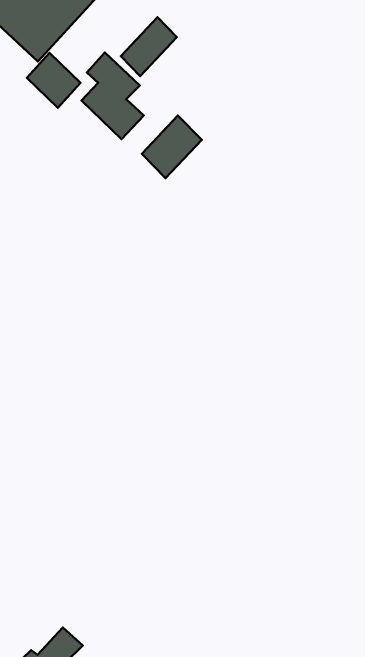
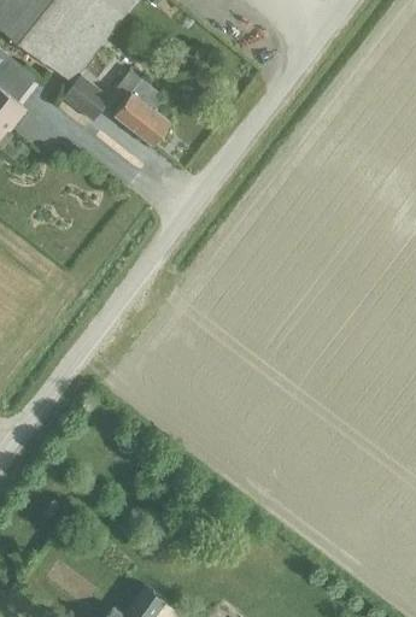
building: [121,17,177,76] -> none
building: [142,115,202,178] -> none

